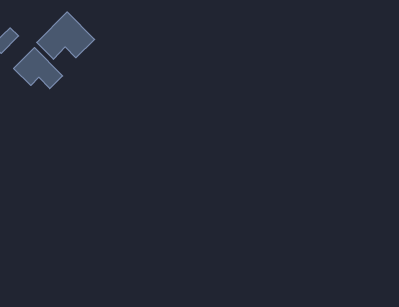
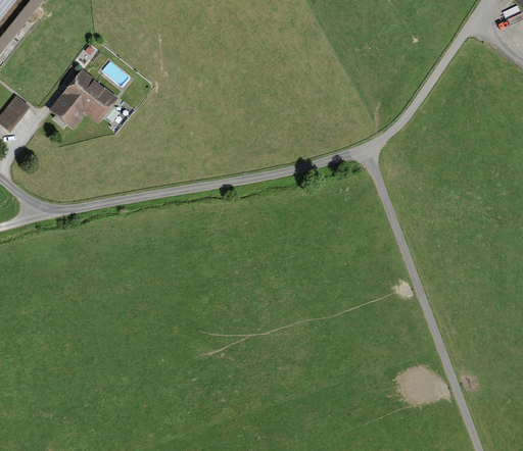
building: [14,48,63,89] -> none

